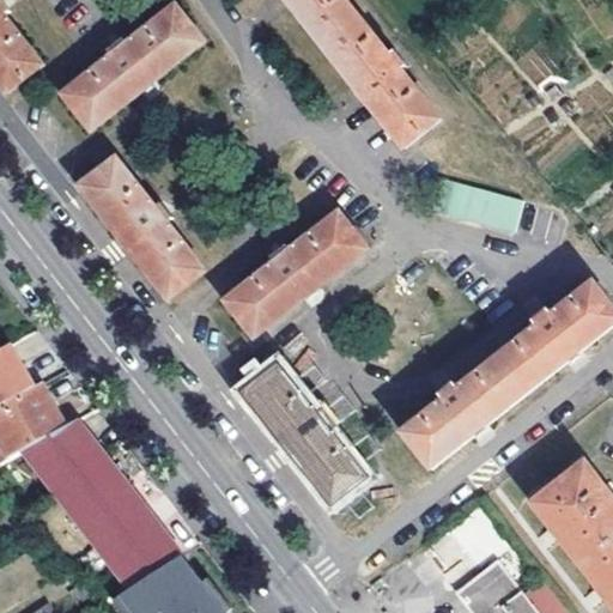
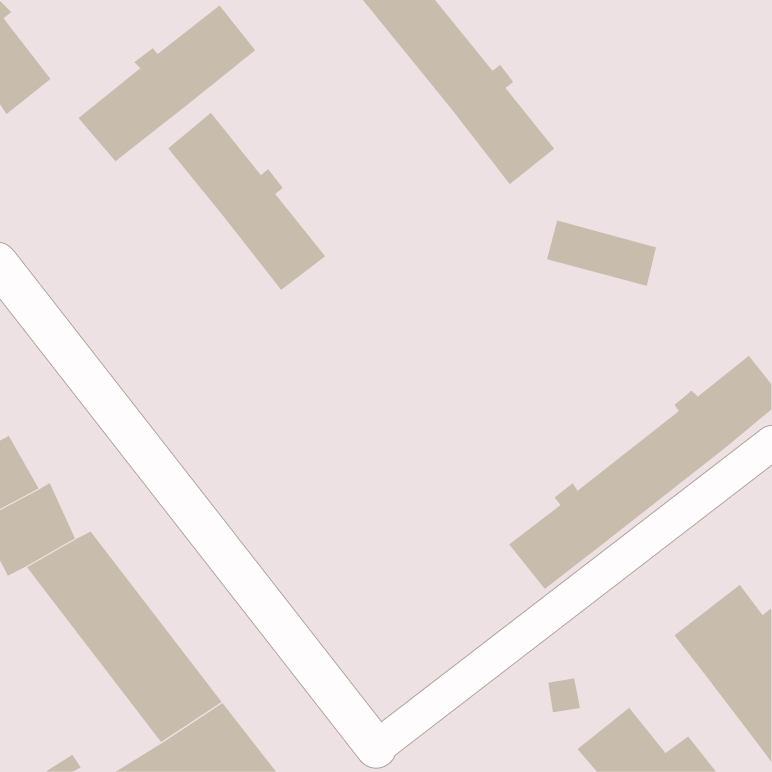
building: [79,157,205,298] -> [167,112,326,291]
building: [225,211,366,334] -> none
building: [241,363,366,504] -> none

